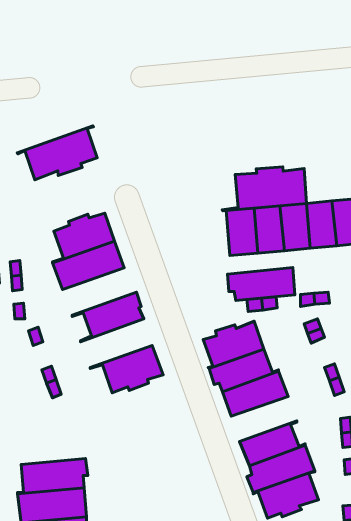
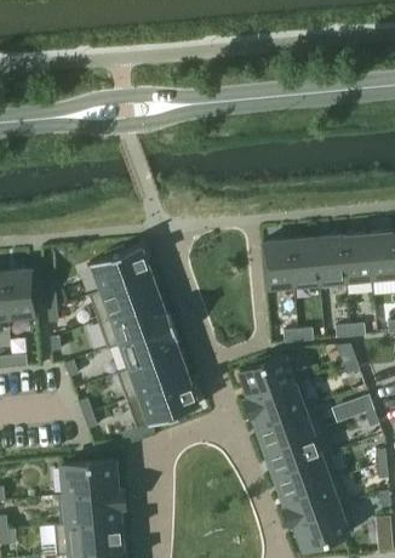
building: [17,126,97,180] -> none
building: [222,167,307,211] -> none
building: [227,267,295,300] -> none
building: none -> [97,300,171,347]
building: none -> [115,351,187,399]
building: none -> [265,428,331,473]
building: none -> [56,460,120,496]

